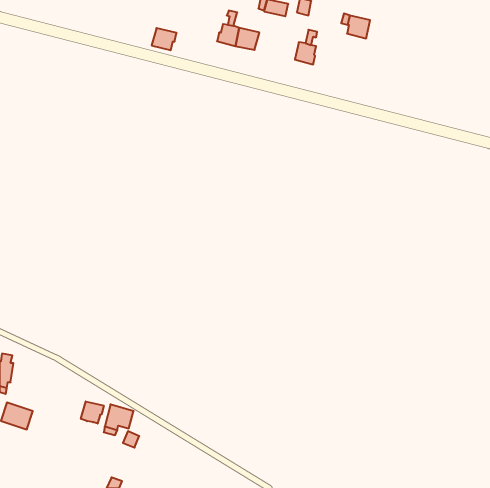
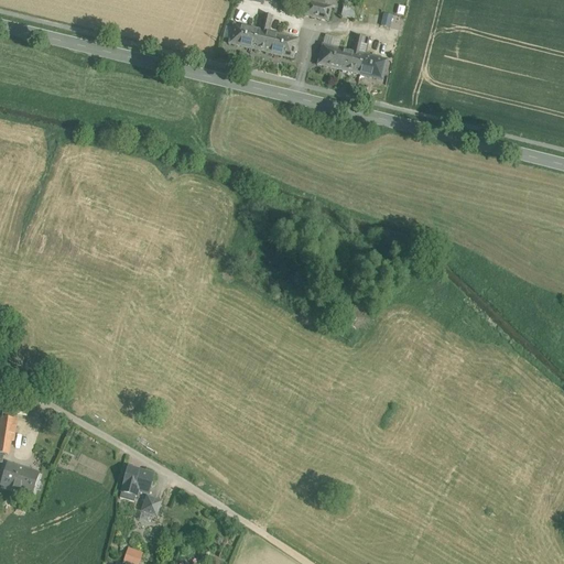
building: [347,15,370,38] -> [359,53,386,79]
building: [152,28,177,50] -> [227,22,256,47]
building: none -> [316,36,343,68]
building: [81,401,104,424] -> none

